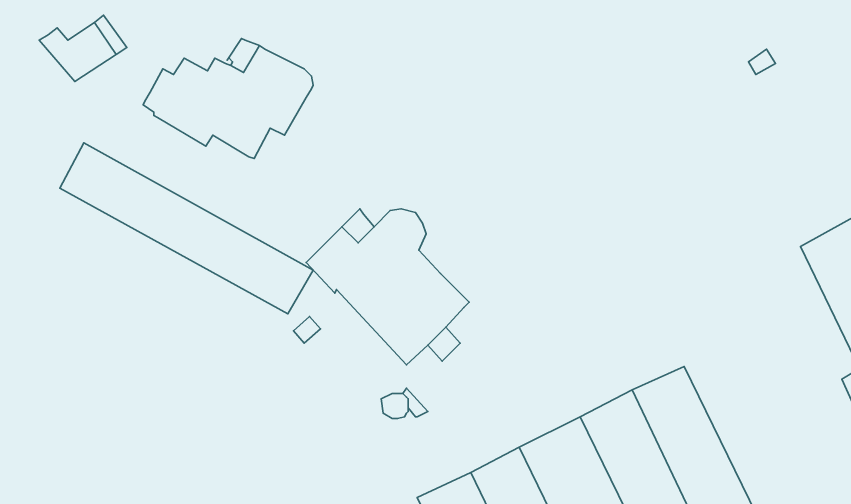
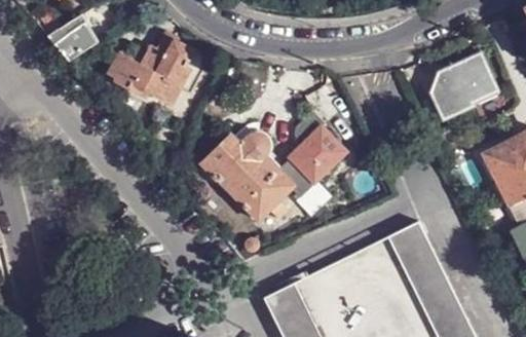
building: none -> [431,50,499,117]
building: [60,143,313,314] -> none
building: none -> [278,112,346,200]

